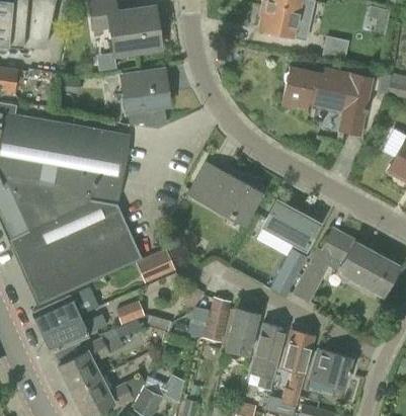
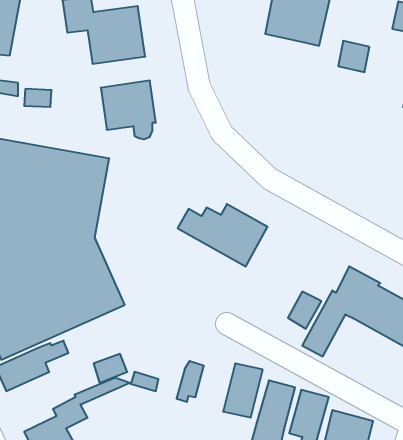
building: [281,67,373,135] -> none
building: [263,200,320,250] -> none
building: [137,250,176,282] -> none
building: [205,298,232,343] -> none
building: [43,315,107,354] -> none

